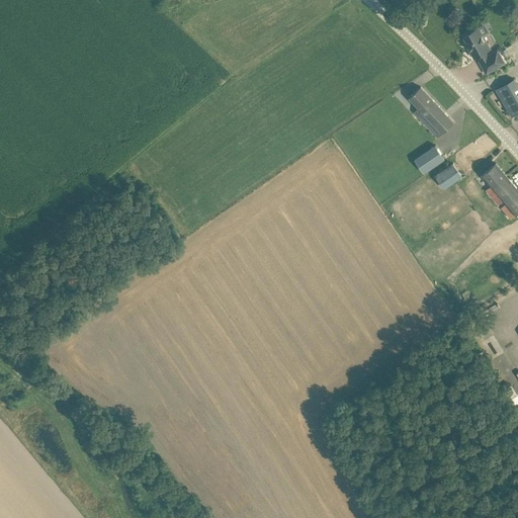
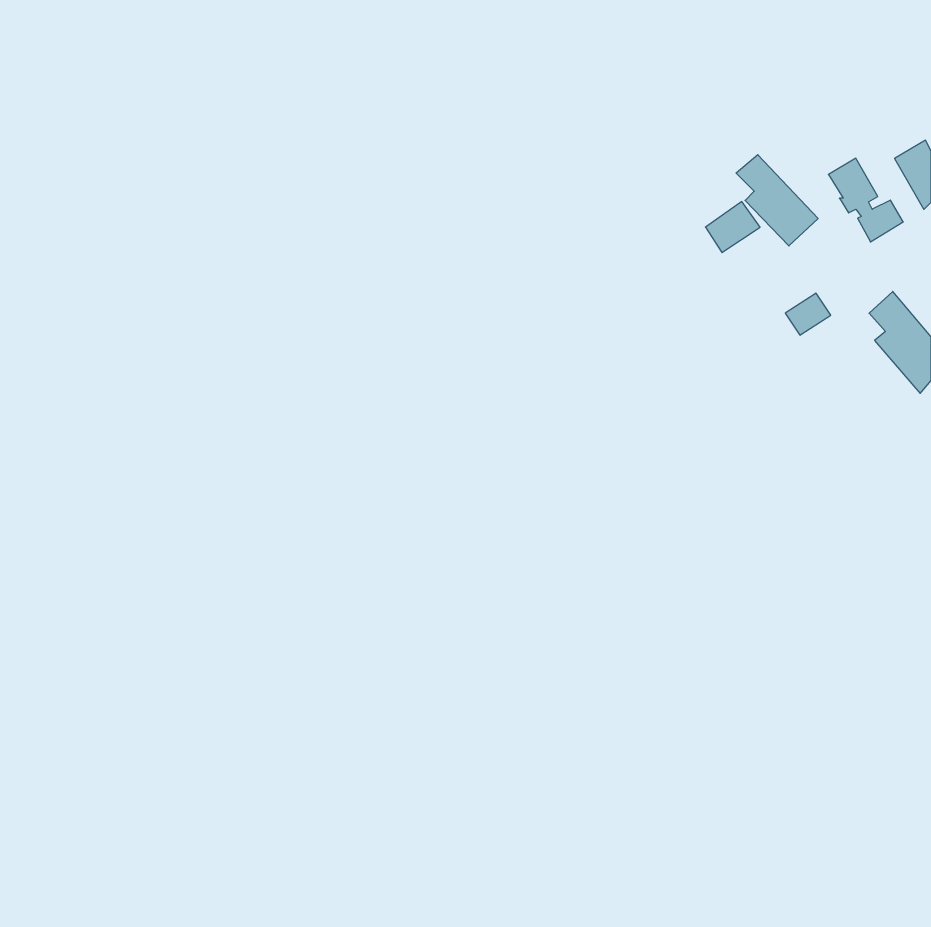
building: [463,28,505,75] -> [828,158,903,242]
building: [415,146,445,174] -> [705,202,760,253]

